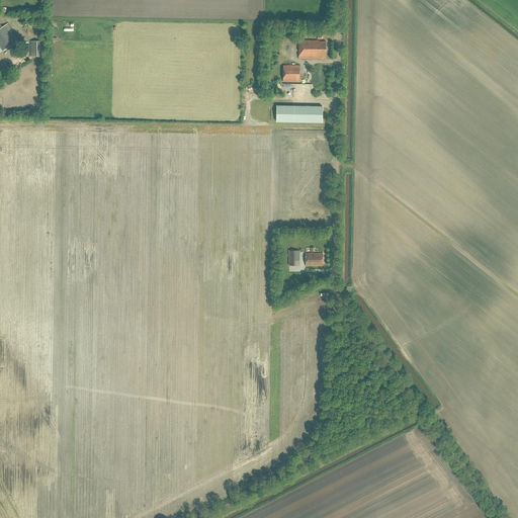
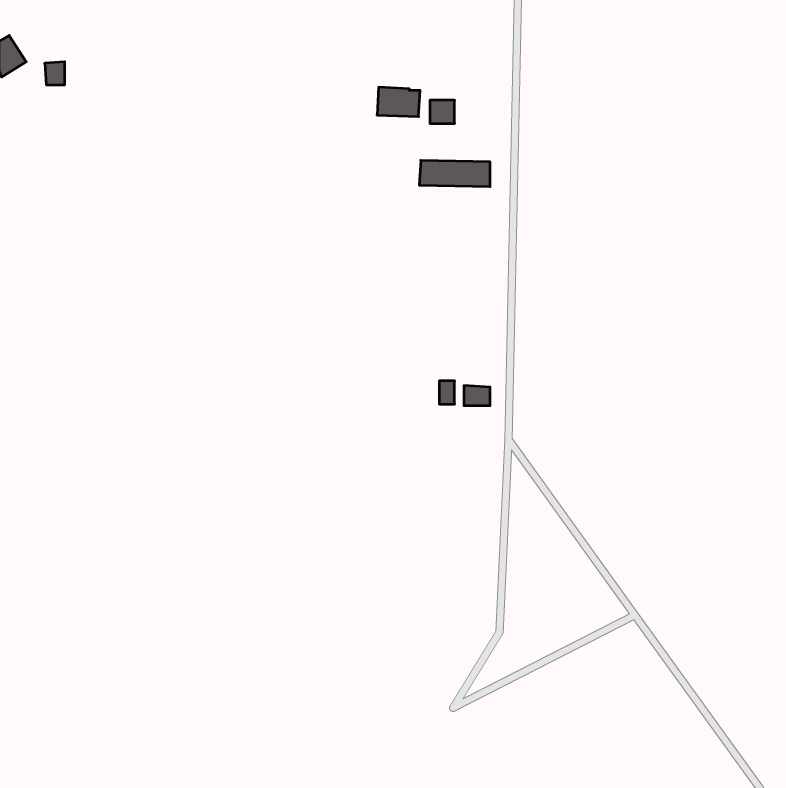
building: [297,39,326,59] -> [377,87,420,117]

